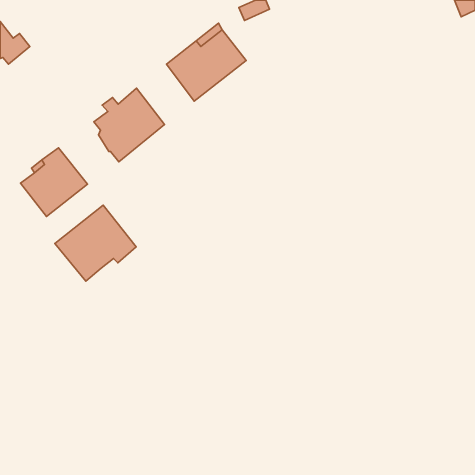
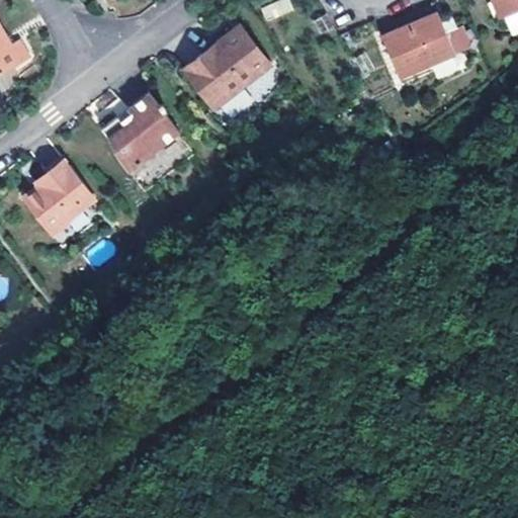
building: none -> [384,12,456,76]
building: [55,205,136,281] -> none

